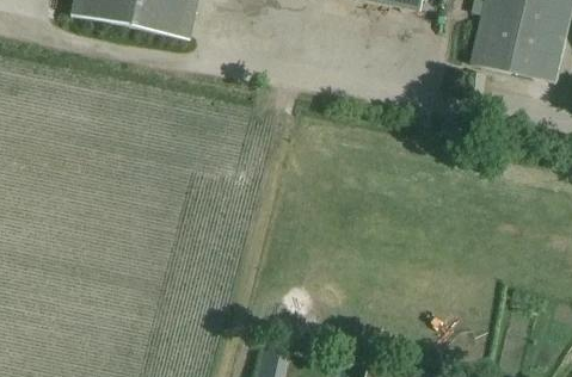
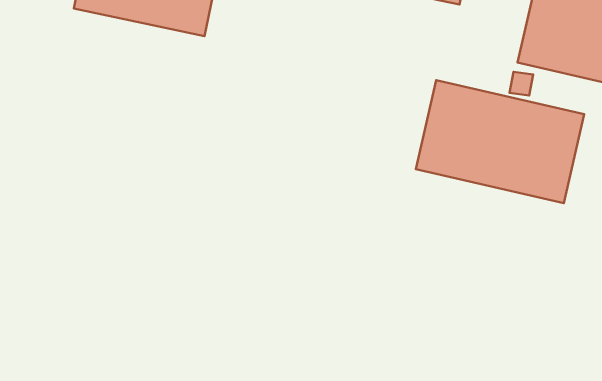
building: none -> [416,80,584,203]

